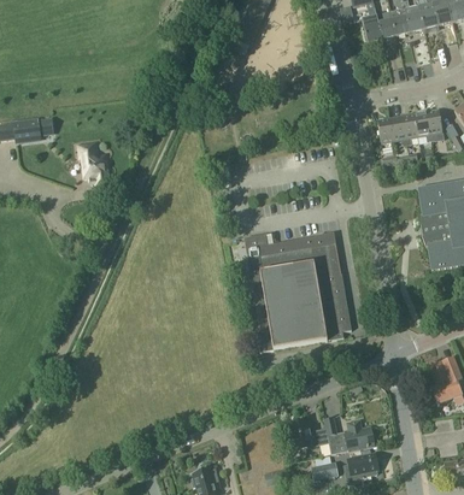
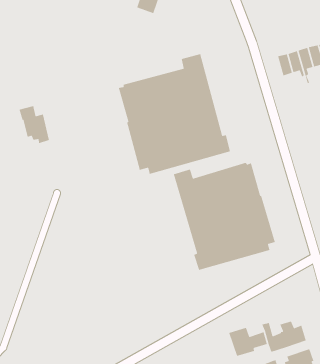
building: none -> [118,53,231,175]

